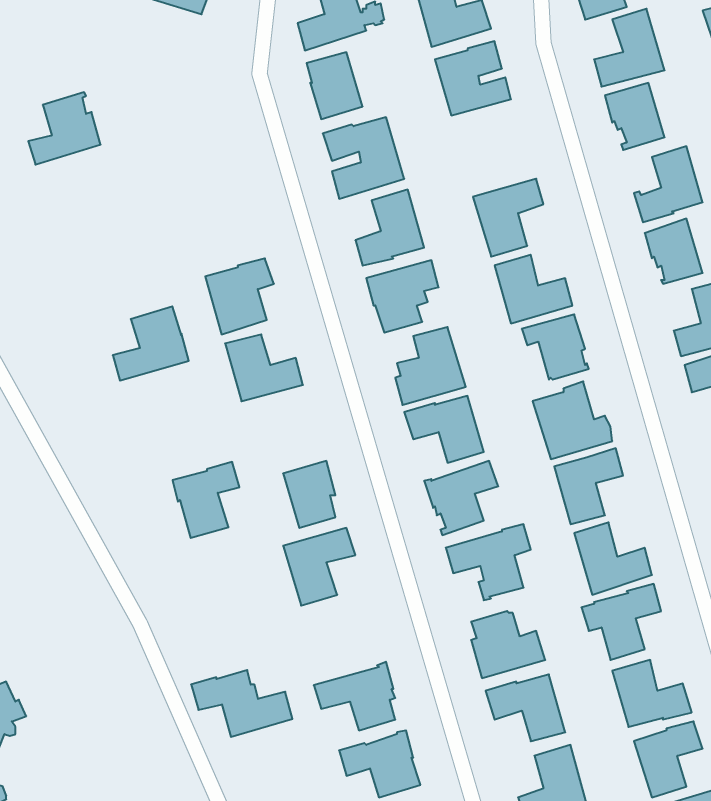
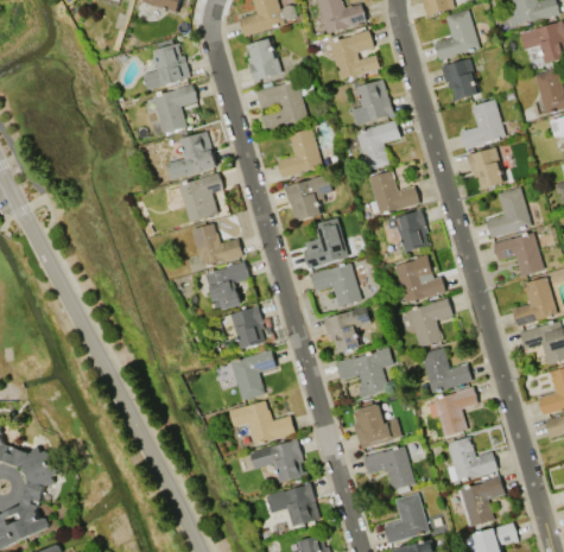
building: [28,92,101,165] -> [142,43,190,90]
building: none -> [350,80,393,126]
building: none -> [153,84,197,134]
building: [113,306,189,381] -> [166,132,216,180]
building: [173,462,239,538] -> [204,262,248,312]
building: [191,670,292,737] -> [228,401,294,445]

